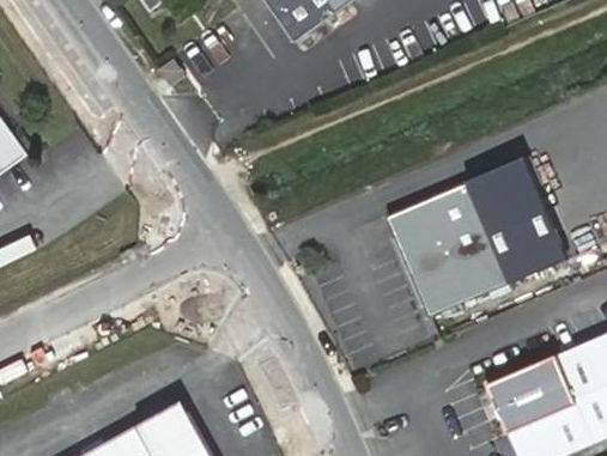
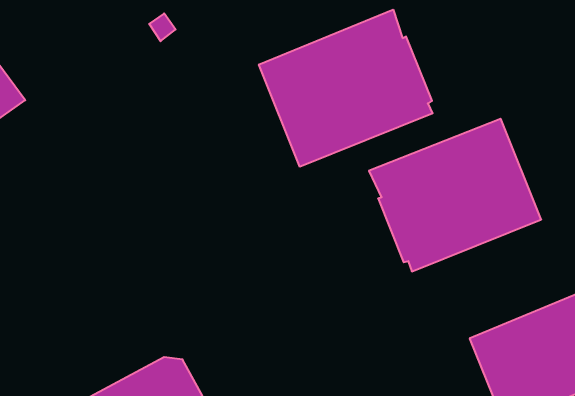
building: none -> [259,10,433,167]

